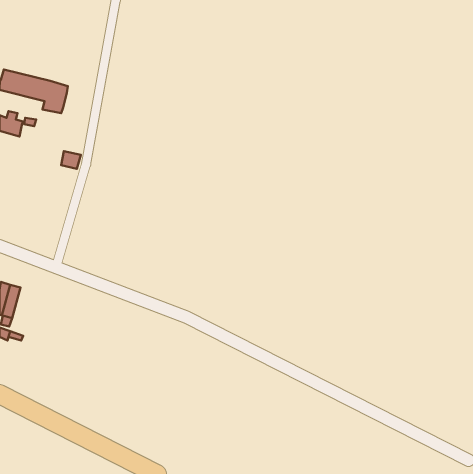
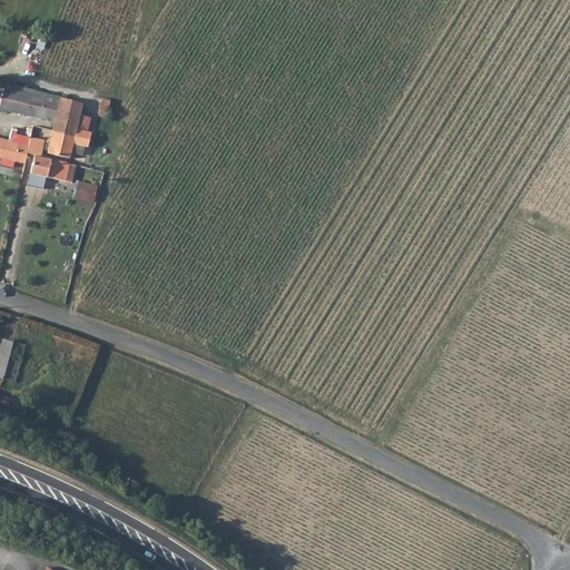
building: none -> [47,129,90,158]
building: none -> [29,156,68,181]

